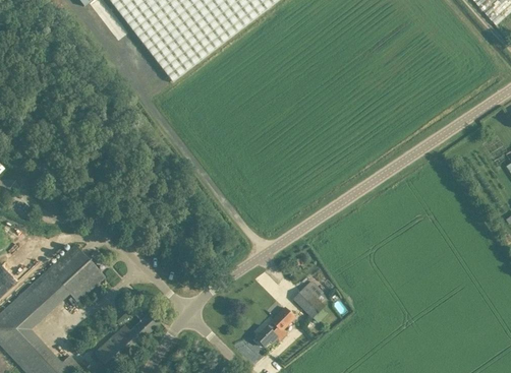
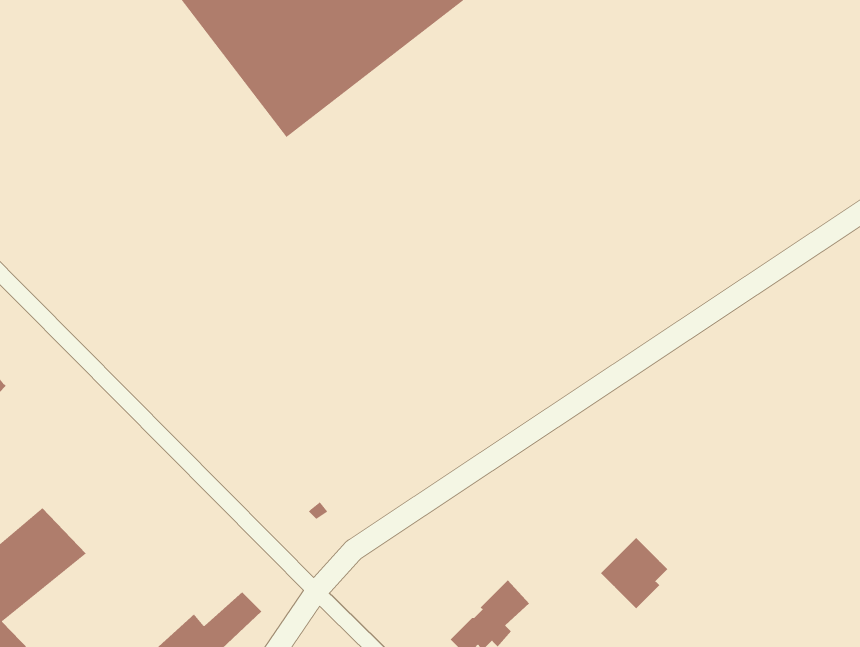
building: [49,243,105,299] -> none
building: [294,278,329,315] -> [600,537,668,609]

